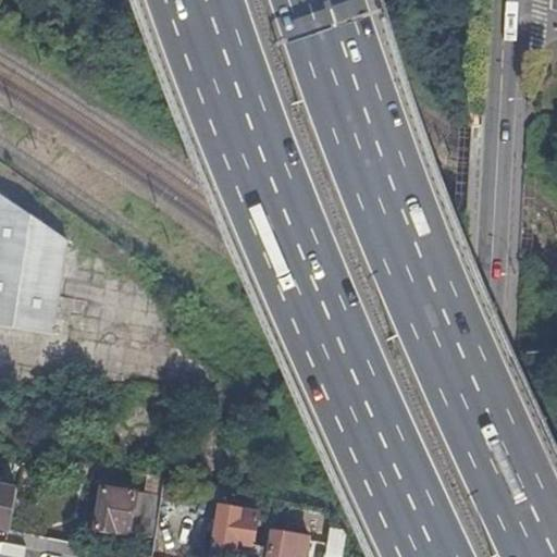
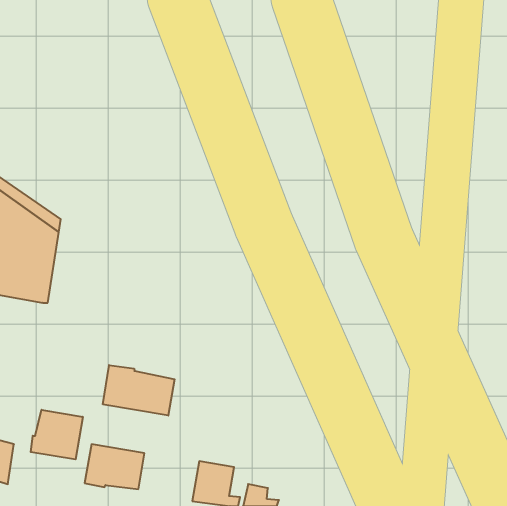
building: none -> [103,365,175,416]
building: none -> [31,410,83,459]

